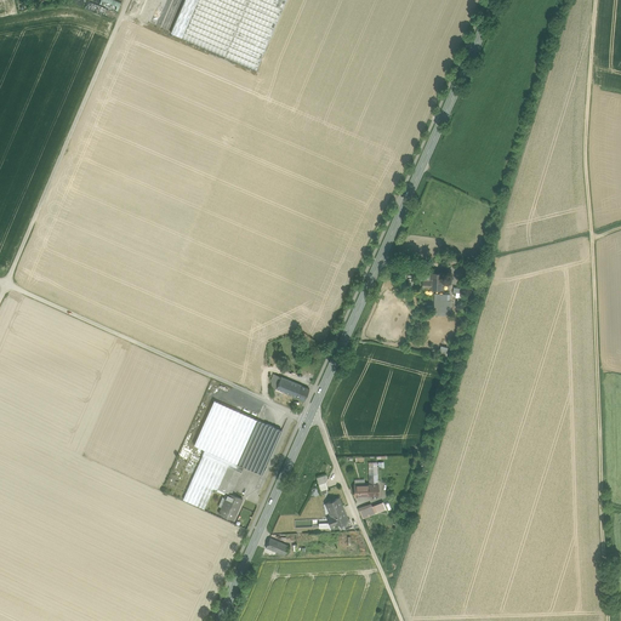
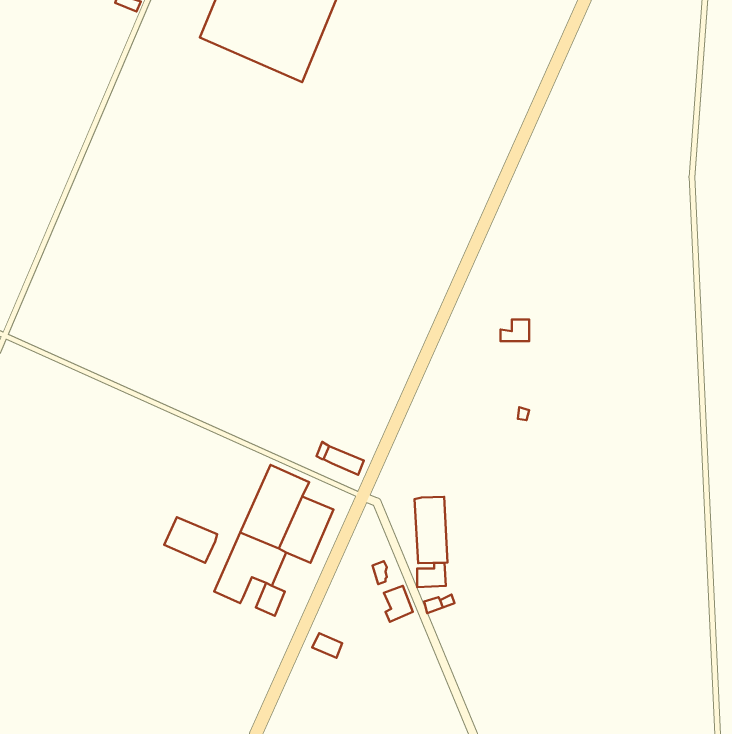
building: none -> [415,497,447,563]
building: none -> [164,517,217,563]

